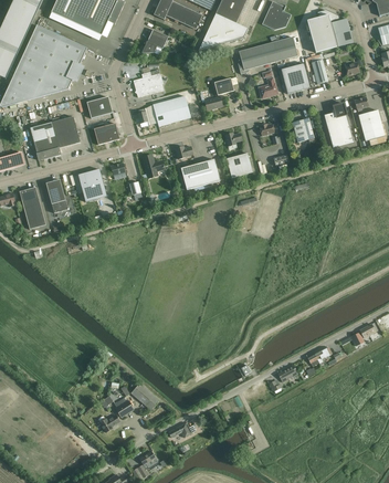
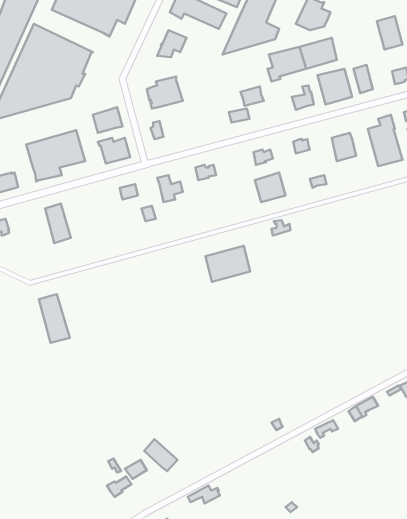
building: [307,9,339,51] -> none
building: [153,95,191,125] -> none
building: [181,158,220,189] -> [205,246,250,282]
building: [78,168,107,201] -> none
building: [20,186,46,228] -> [39,294,70,343]

